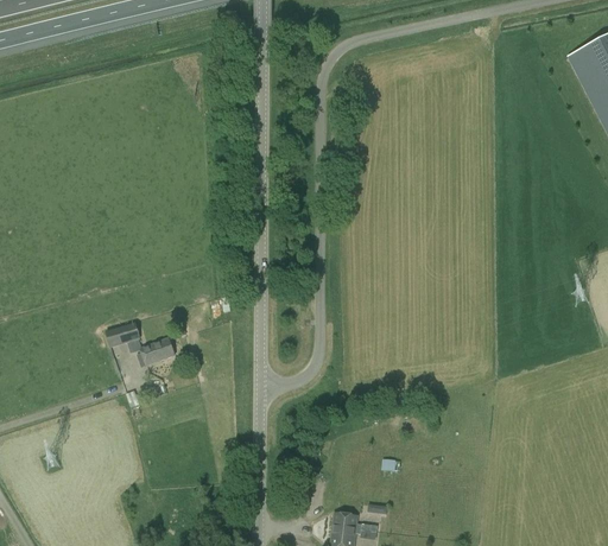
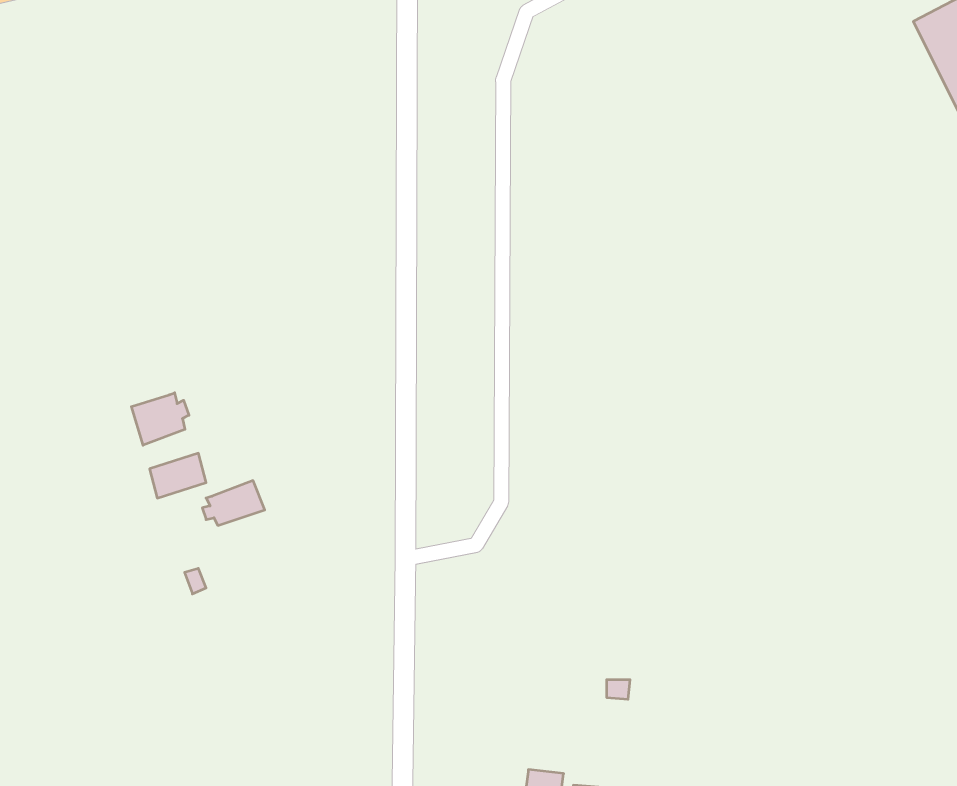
building: none -> [131,393,189,445]

